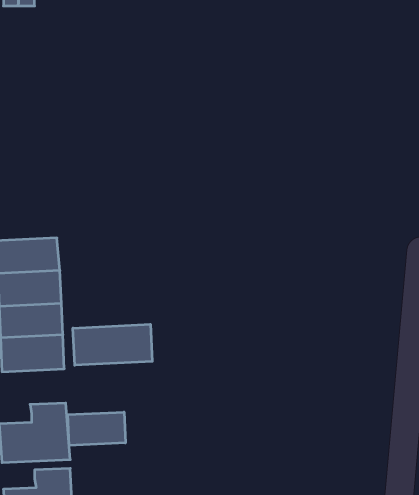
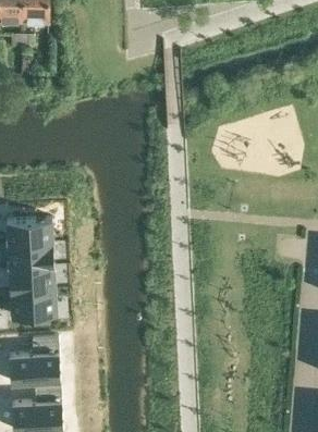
building: [73,324,152,365] -> none
building: [68,412,125,445] -> none

